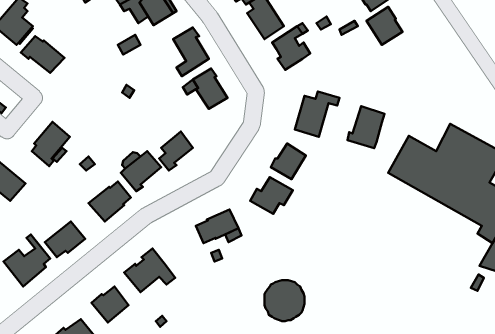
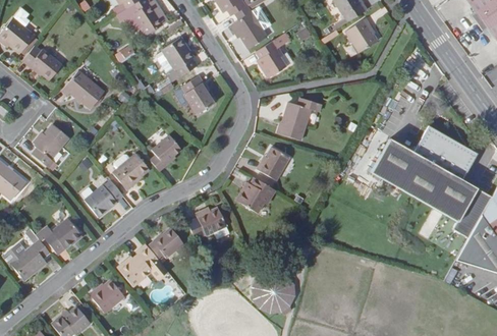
building: none -> [63,69,105,108]
building: [348,106,385,148] -> none
building: none -> [147,230,178,259]

